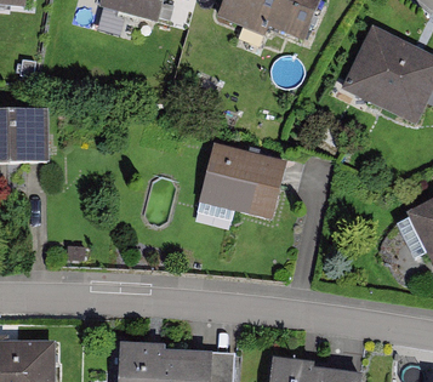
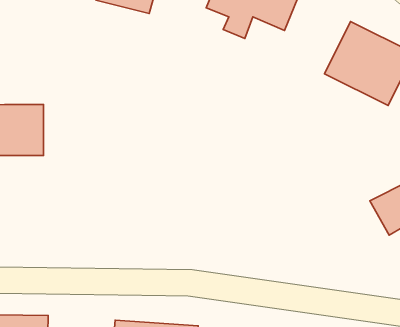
building: [200,143,287,217] -> none

